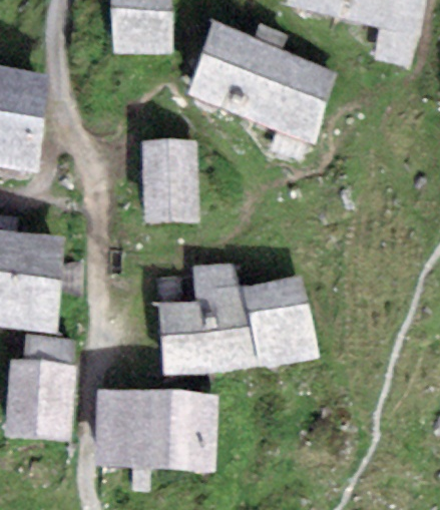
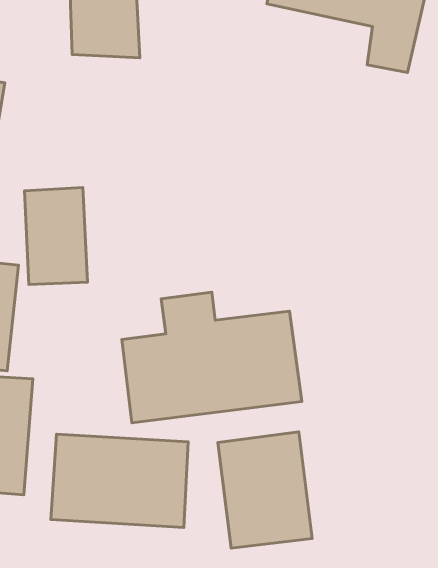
building: [184,18,338,143] -> none
building: [143,136,199,222] -> [24,188,87,284]
building: none -> [218,432,312,548]

